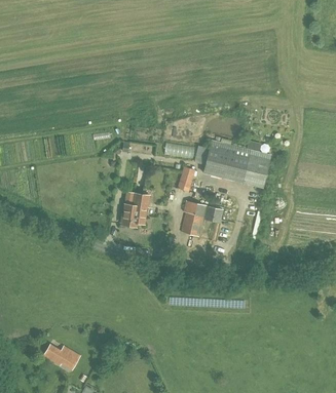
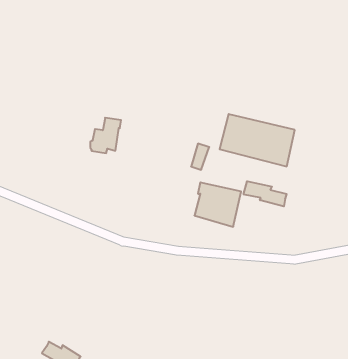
building: [120,194,148,226] -> [90,118,121,153]
building: none -> [244,181,287,206]

